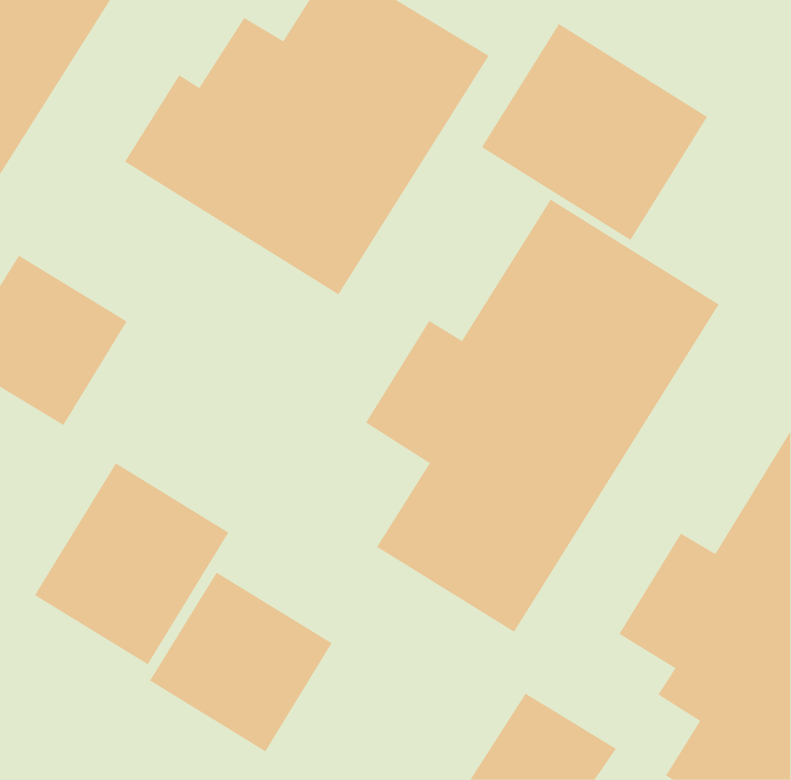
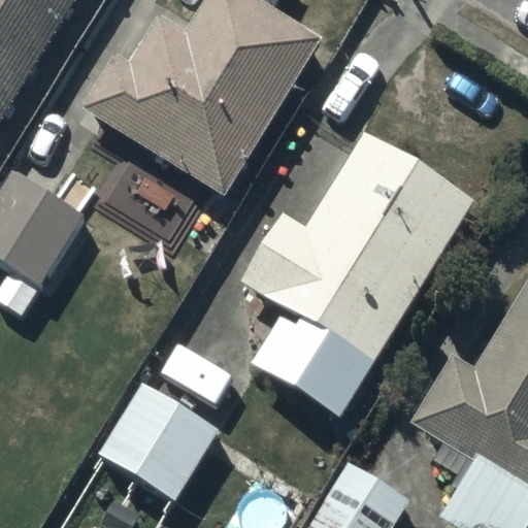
building: [481,23,708,241] -> none
building: [34,463,229,665] -> none

